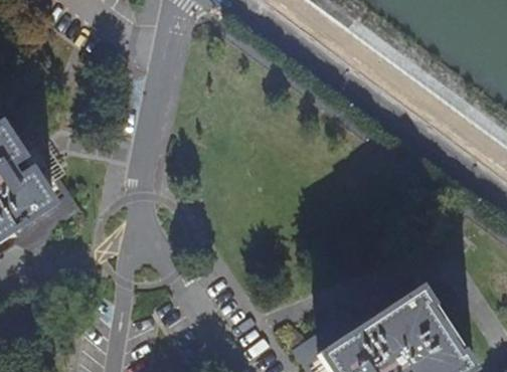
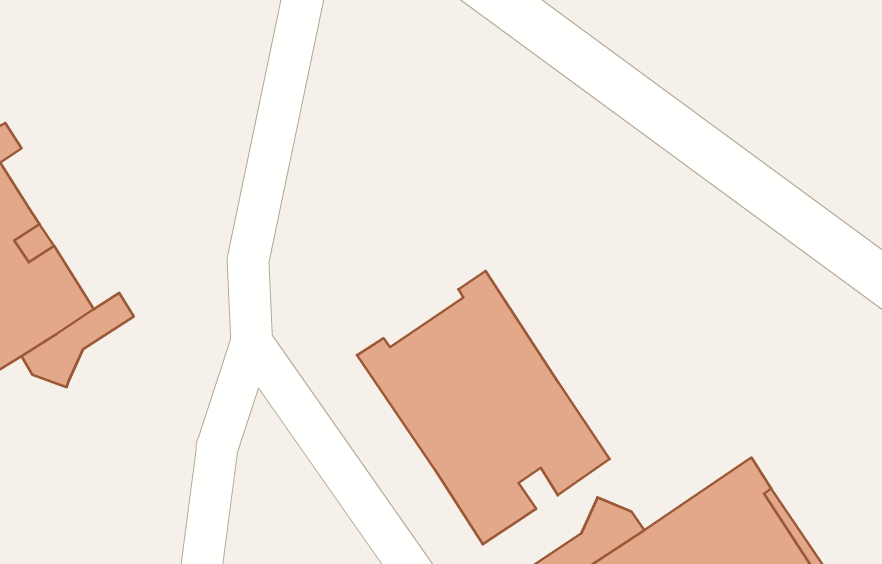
building: none -> [357,271,610,544]

